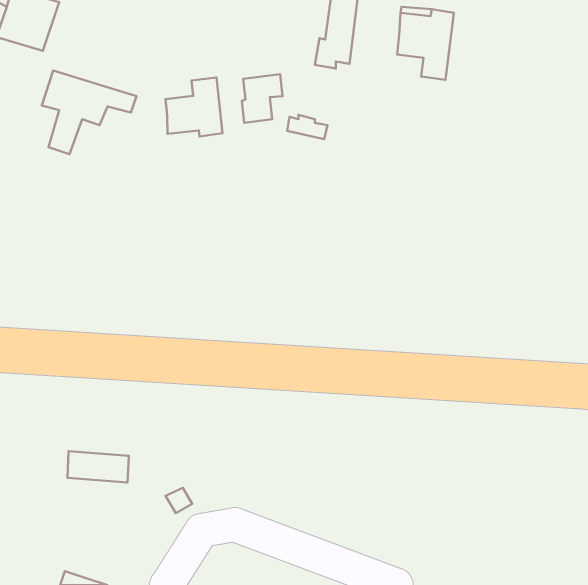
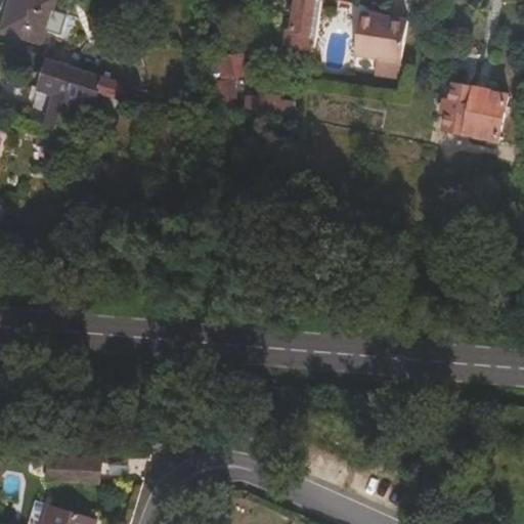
building: [166,77,222,136] -> none
building: none -> [441,79,509,138]
building: [67,451,129,482] -> [48,455,102,483]

